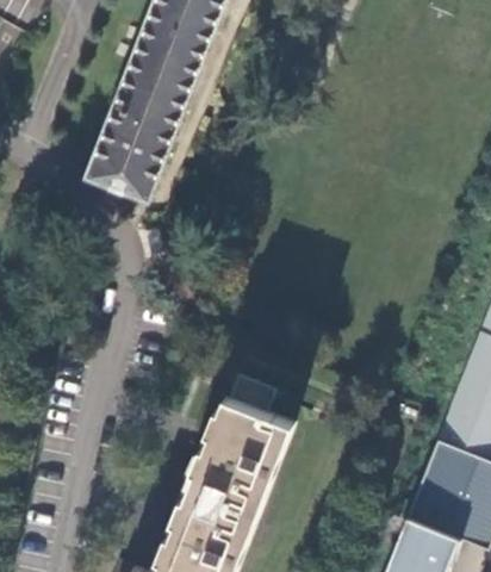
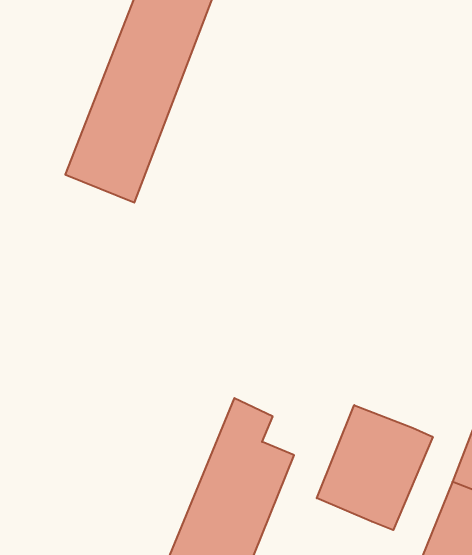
building: none -> [317,405,433,530]

